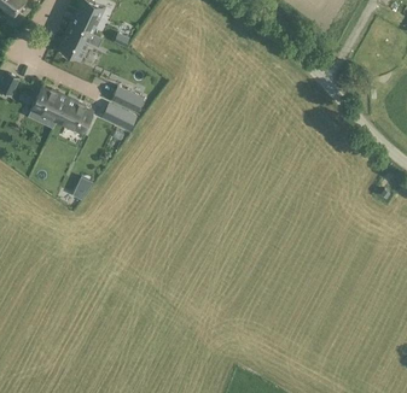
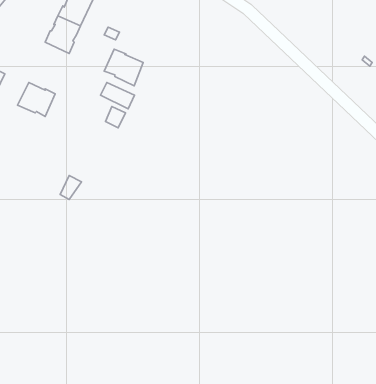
building: none -> [104,49,143,86]
building: [58,99,93,134] -> none

